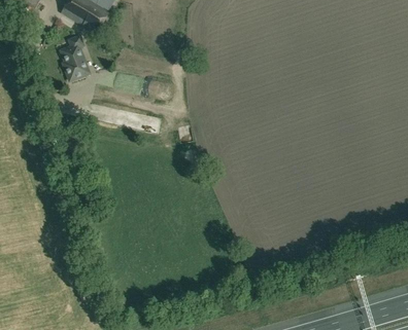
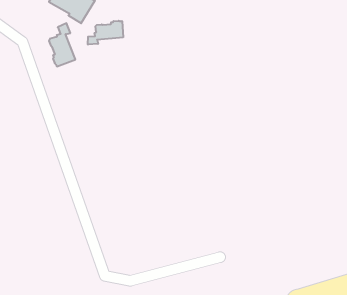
building: none -> [88,21,123,45]

